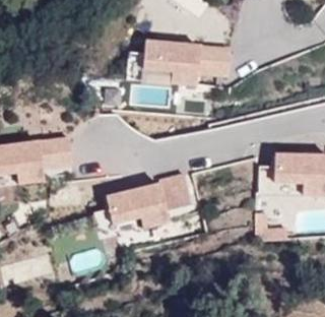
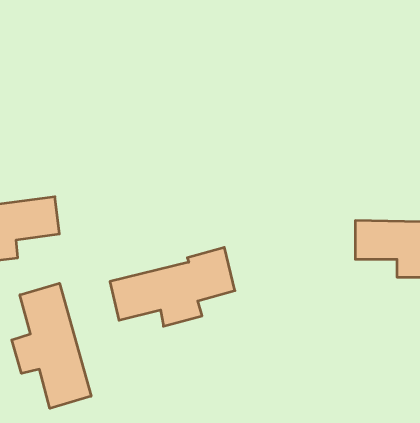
building: [142,42,231,83] -> none
building: none -> [12,283,91,408]

